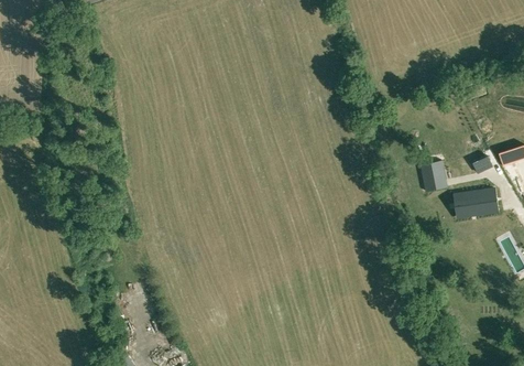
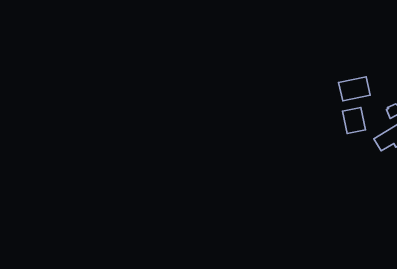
building: none -> [339,77,370,101]

